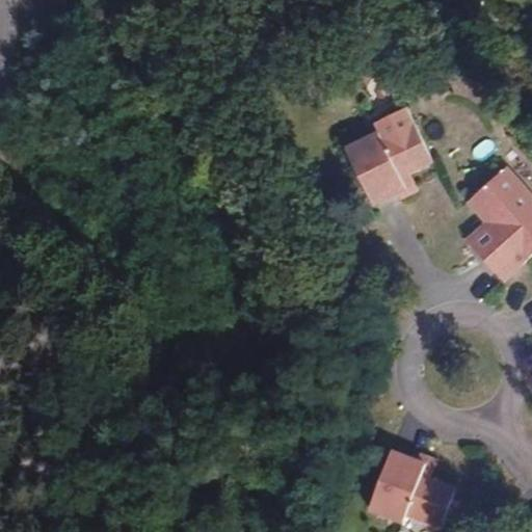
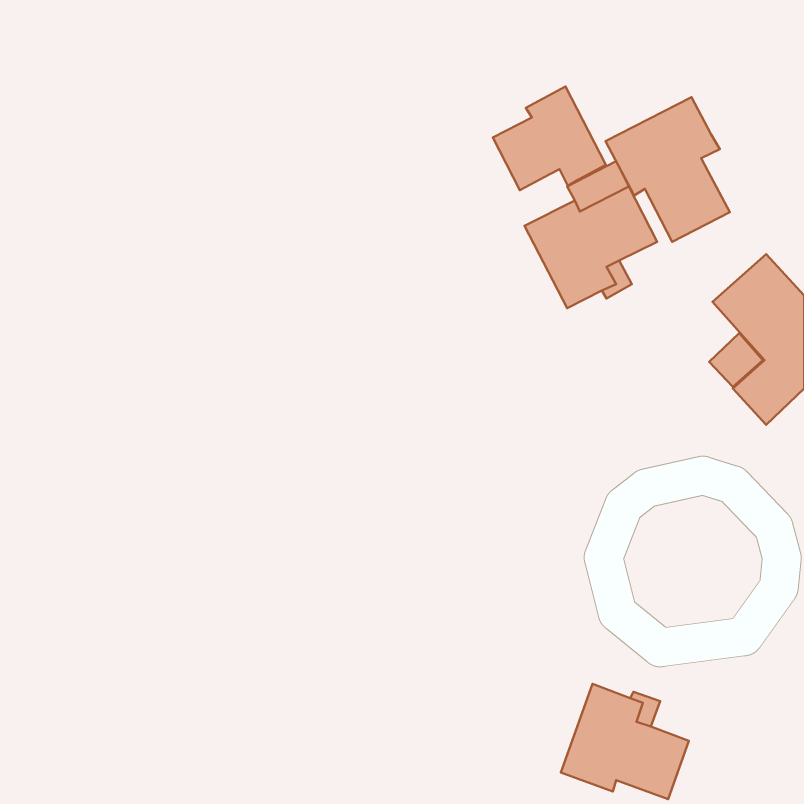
building: none -> [493,87,606,190]
building: none -> [605,97,730,242]

